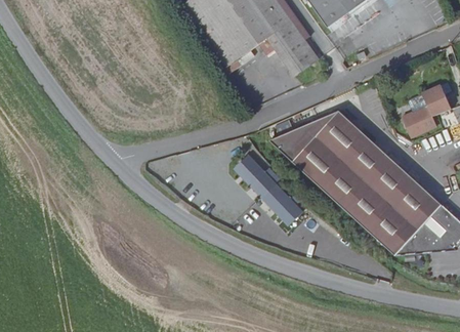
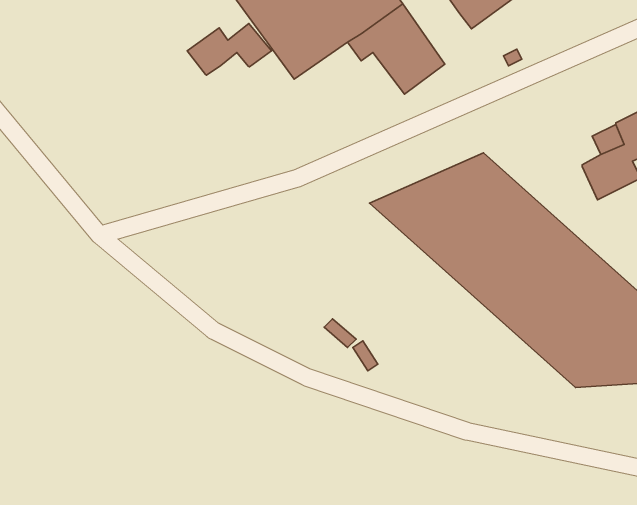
building: none -> [187,24,271,75]
building: [231,151,302,224] -> none

